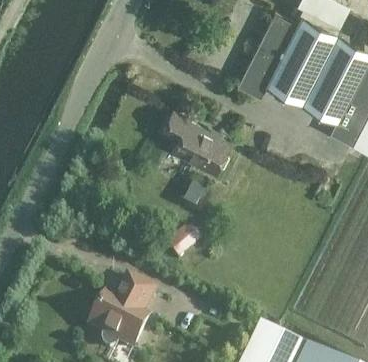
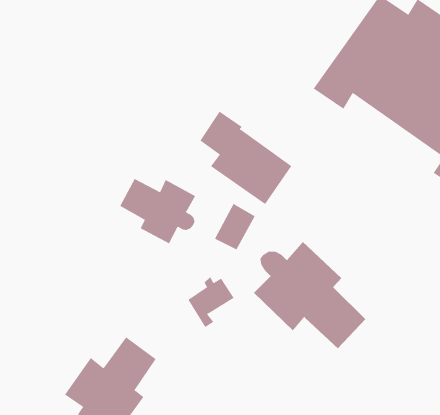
building: none -> [120,178,196,244]
building: none -> [253,241,366,349]

